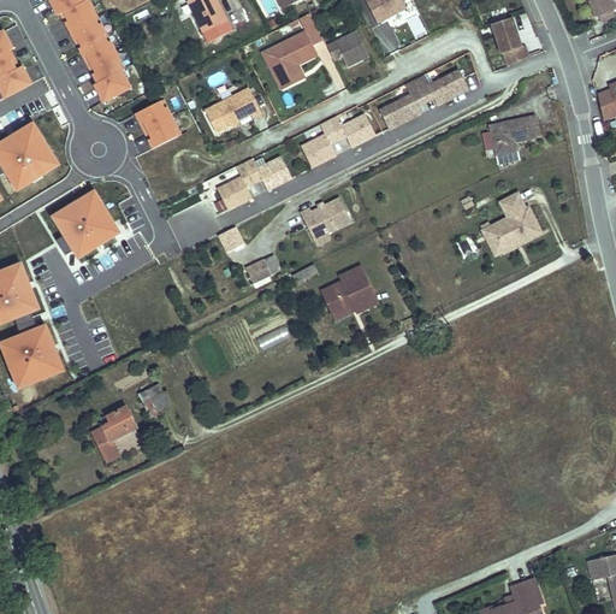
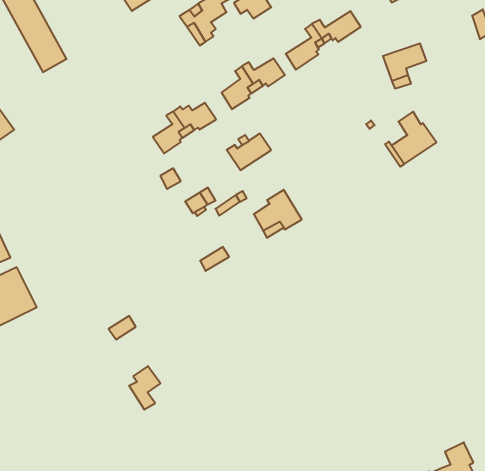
building: [205,88,261,131] -> none
building: [132,96,179,147] -> none
building: [47,185,119,258] -> none
building: [90,412,126,461] -> [129,366,160,410]

